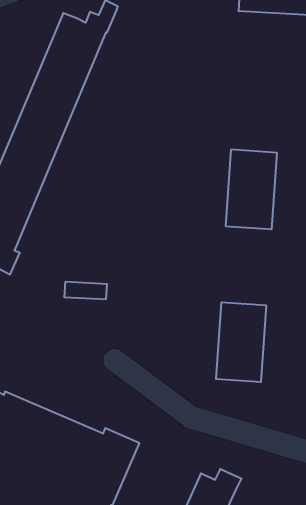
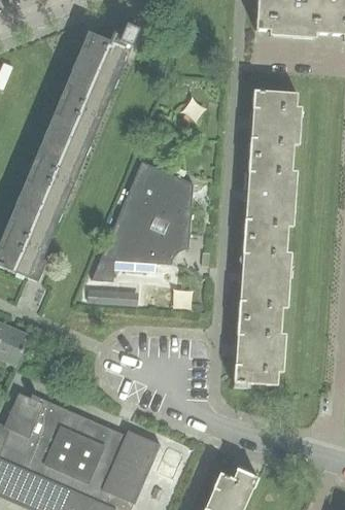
building: none -> [248,89,298,165]
building: none -> [92,160,194,280]
building: none -> [239,235,287,311]

